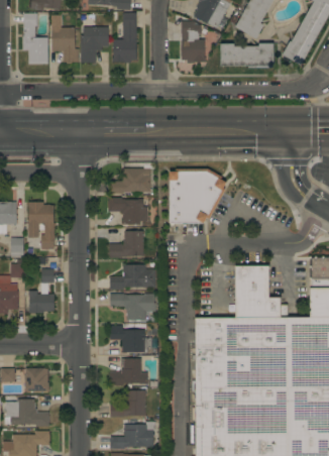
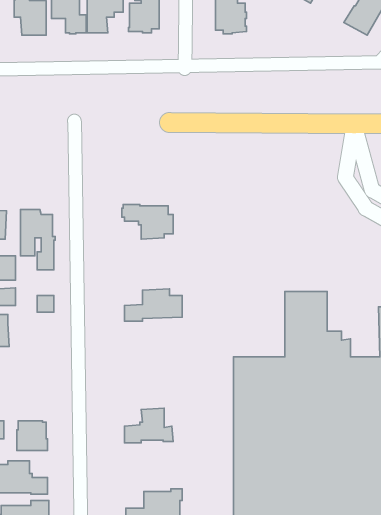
building: [221,43,275,68] -> none
building: [109,162,155,194] -> none
building: [170,168,227,223] -> none
building: [110,231,144,258] -> none
building: [29,291,54,313] -> none
building: [110,294,155,320] -> none
building: [110,326,152,352] -> none
building: [111,390,146,417] -> none

